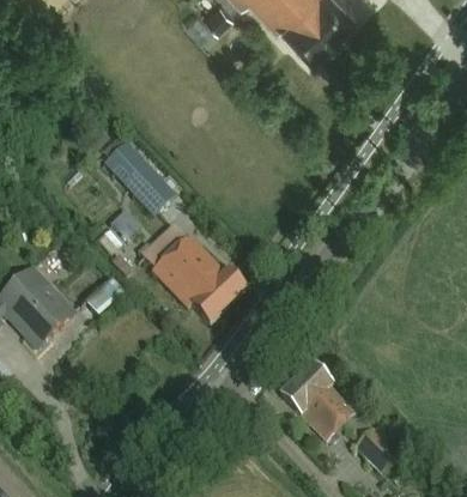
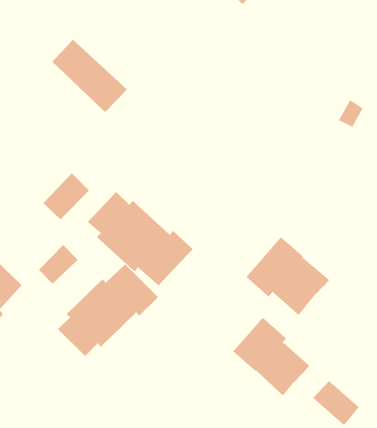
building: [102,139,176,214] -> [51,39,128,113]
building: none -> [246,236,330,316]
building: none -> [57,264,159,357]

